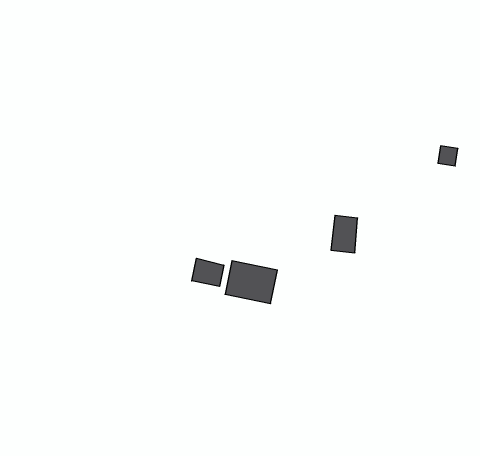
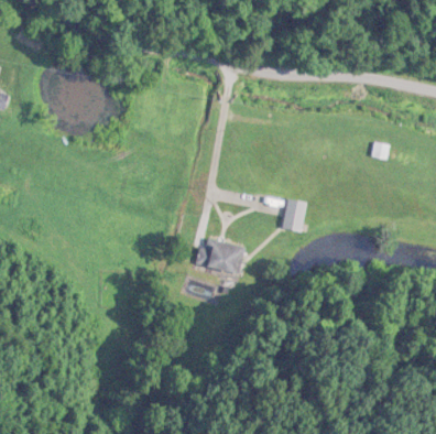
building: [192,258,224,286] -> none

